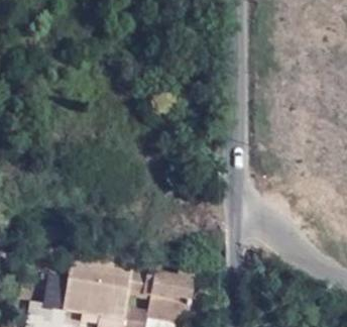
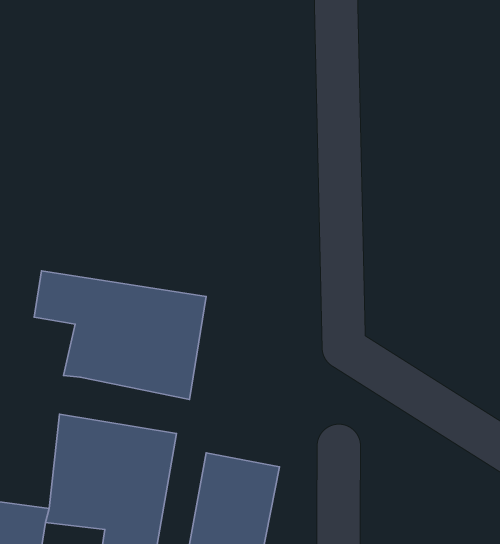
building: none -> [34,271,206,400]

